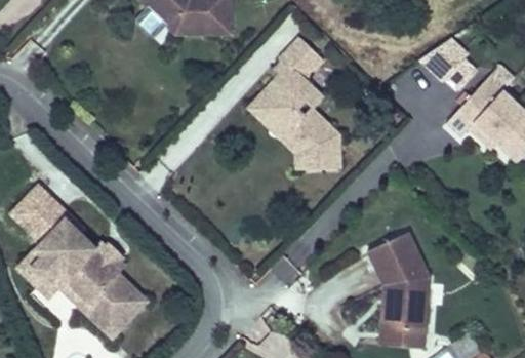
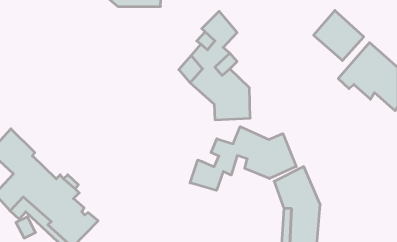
building: none -> [190,127,296,190]

